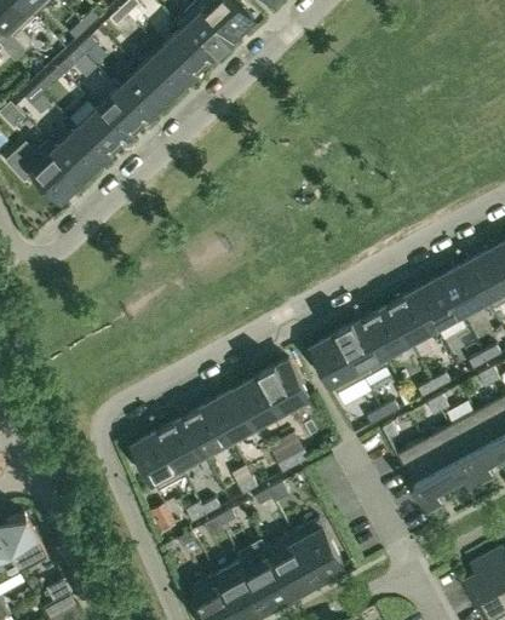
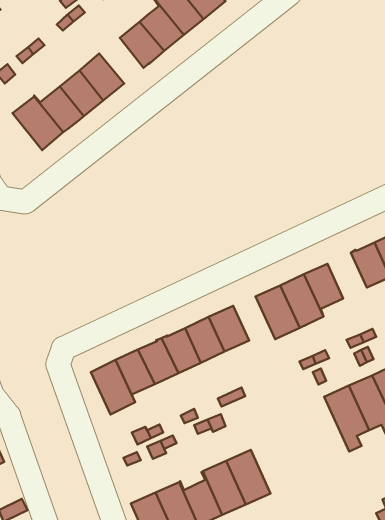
building: [117,69,168,120] -> none
building: [390,291,436,343] -> none

